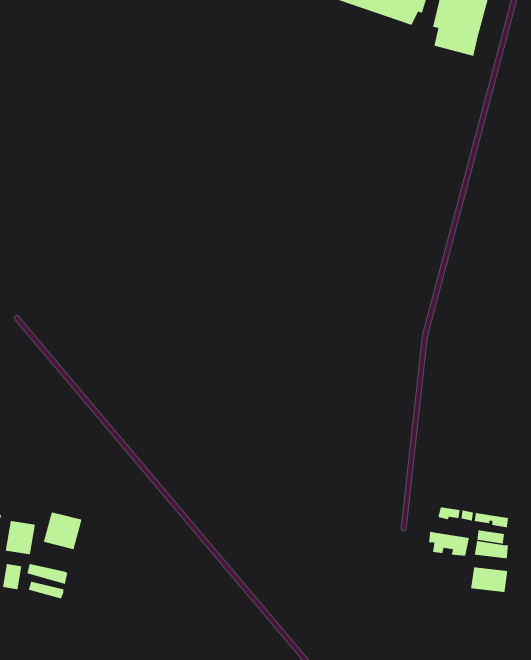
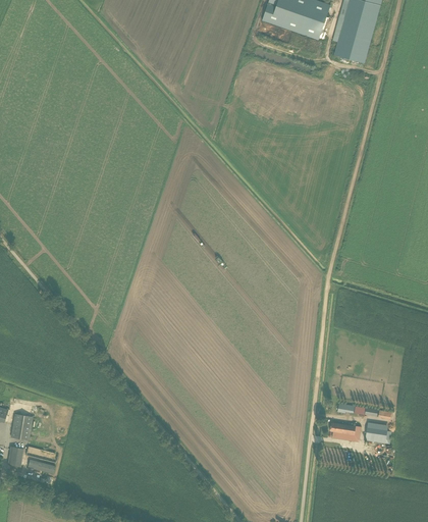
building: [43,511,82,550] -> none
building: [470,566,508,593] -> none

